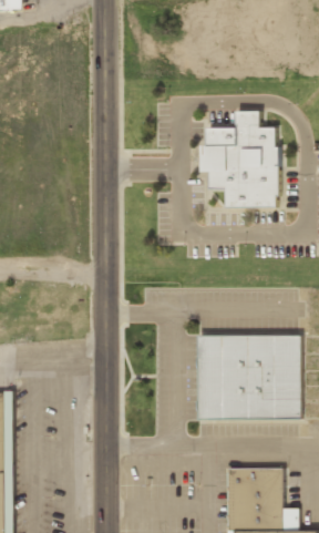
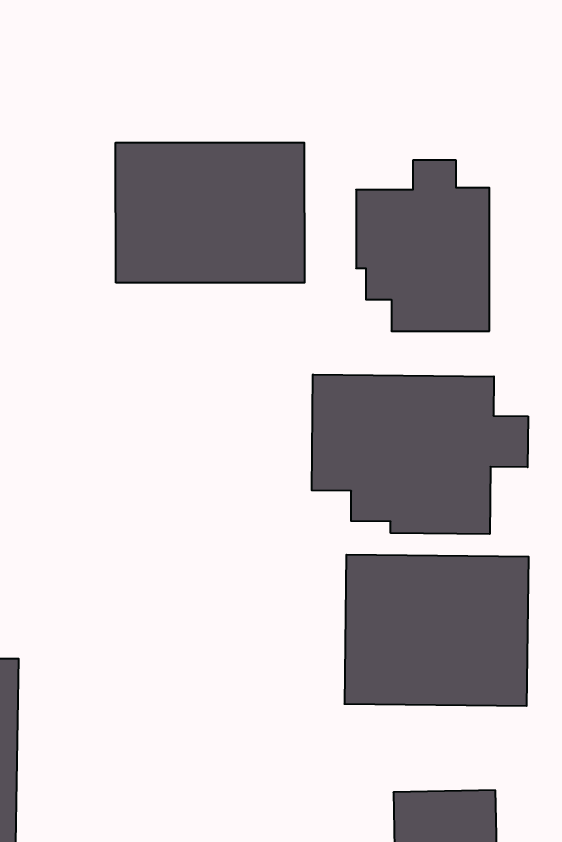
building: none -> [116,143,305,283]
building: none -> [312,374,528,534]

